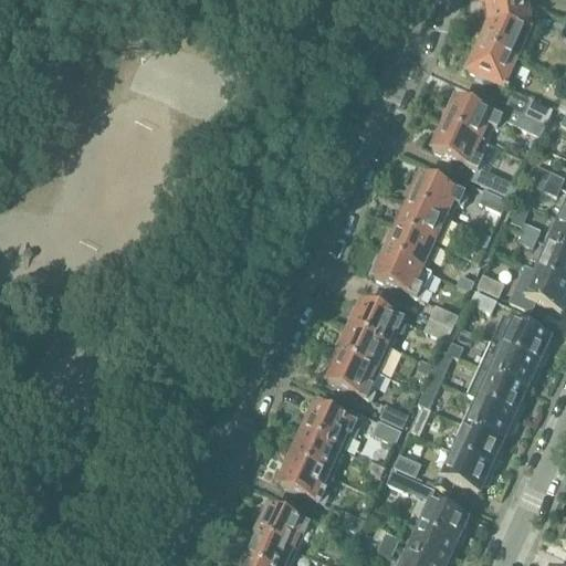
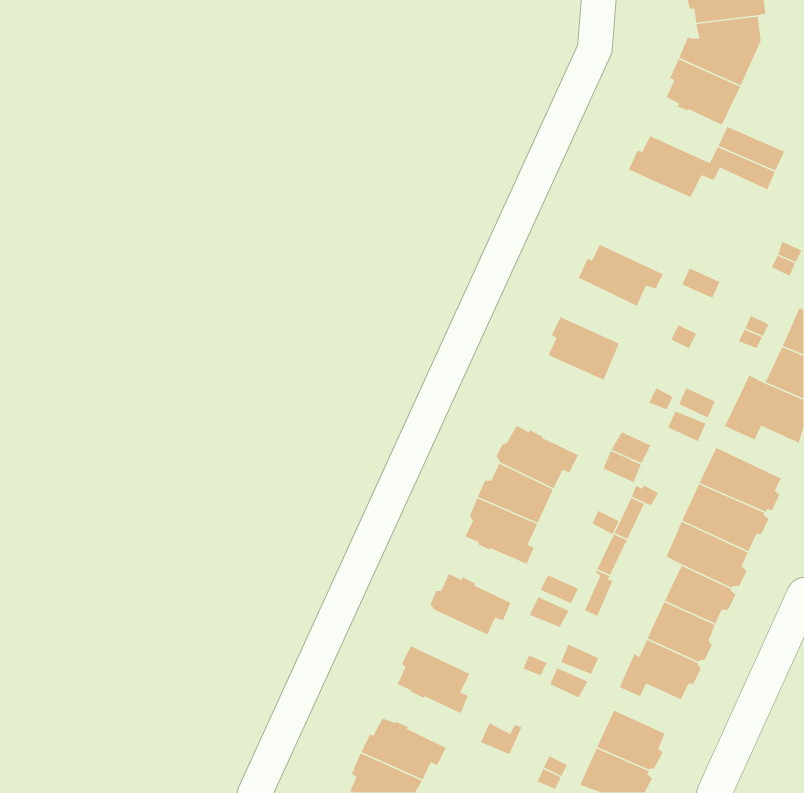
building: [432,119,517,196] -> none
building: [394,197,448,241] -> none
building: [374,248,424,296] -> none
building: [289,428,343,473] -> none

